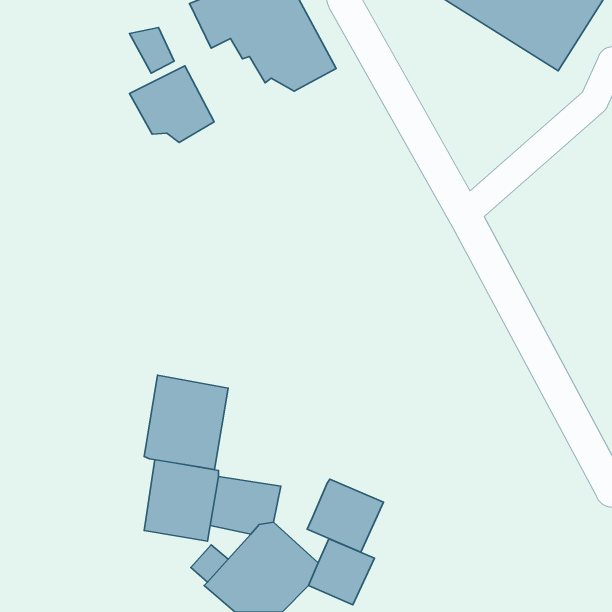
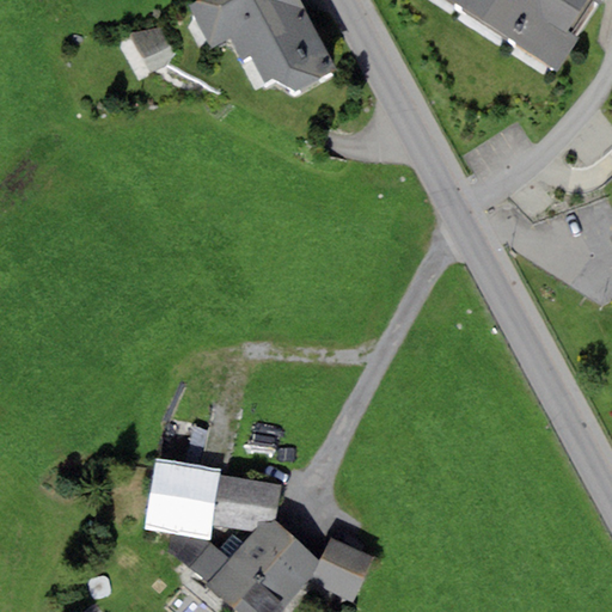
building: [129,66,214,142] -> none
building: [144,375,228,470] -> none
building: [307,479,384,552] -> none

